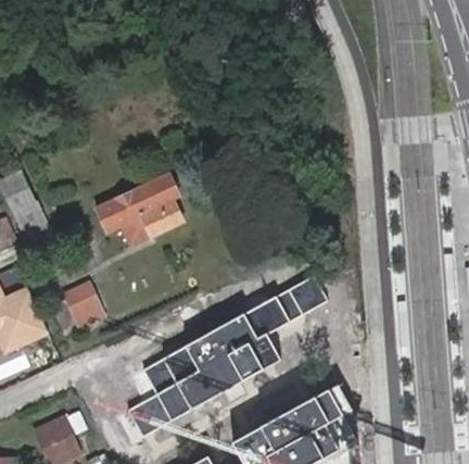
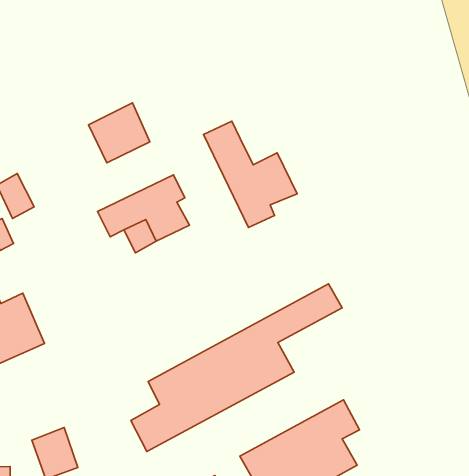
building: none -> [89,103,150,163]
building: none -> [203,121,297,228]
building: [52,284,104,336] -> none

